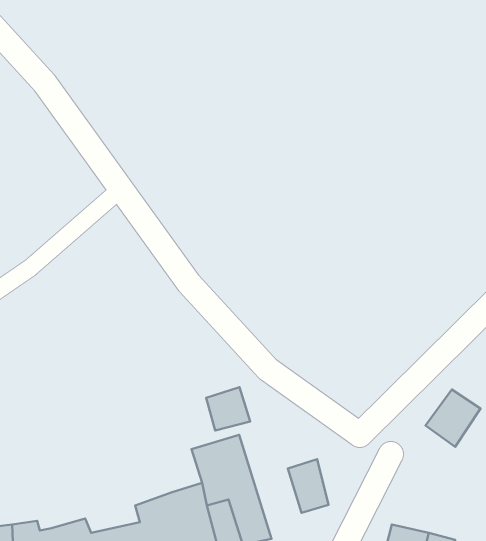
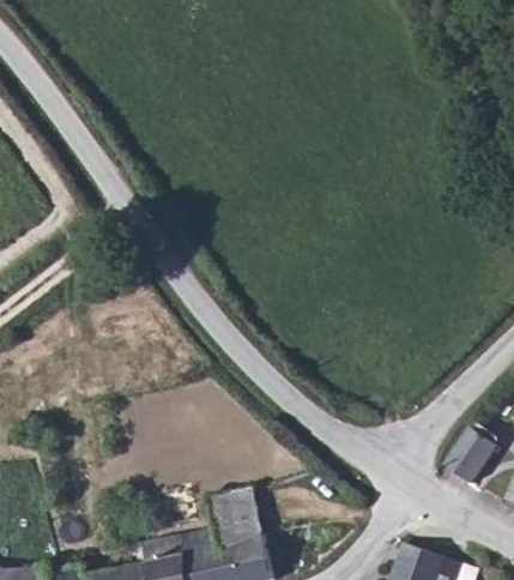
building: [206,387,250,430] -> none
building: [288,459,328,513] -> none

